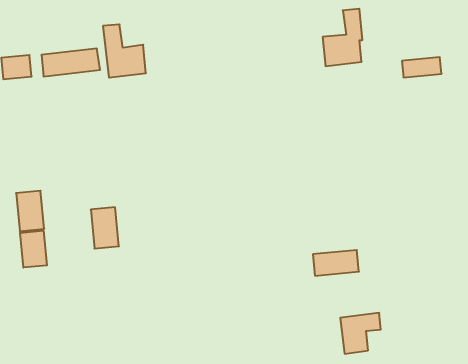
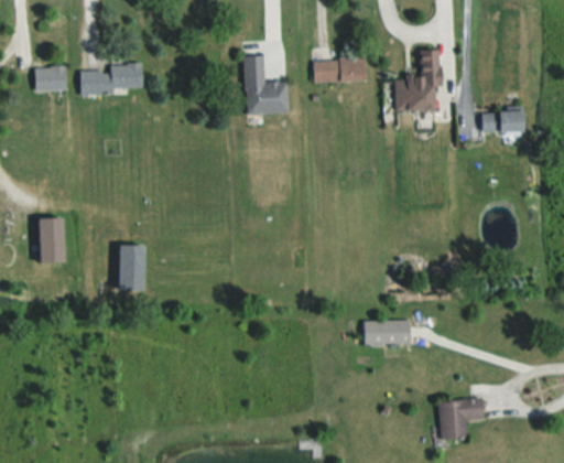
building: none -> [312,57,366,82]
building: [103,24,146,78] -> [245,55,288,114]
building: [20,231,47,268] -> none
building: [340,313,381,354] -> [438,400,482,442]

